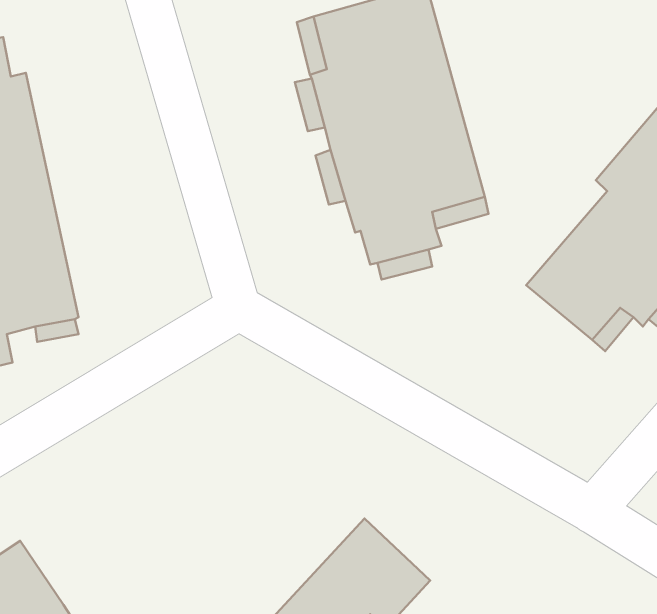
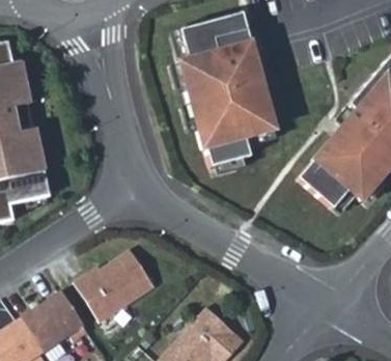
building: none -> [74,248,155,322]
building: none -> [18,289,88,354]

